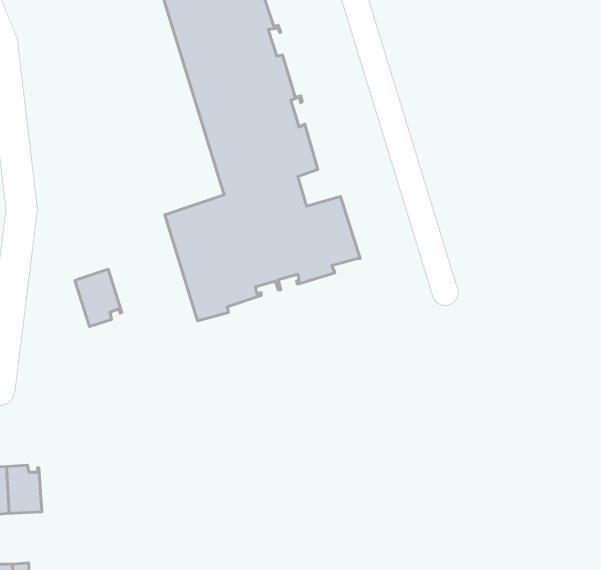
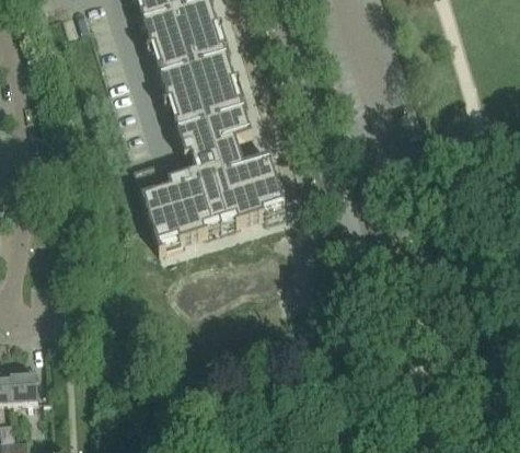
building: [75,269,122,326] -> none

